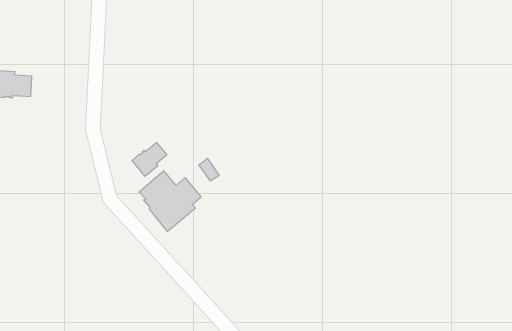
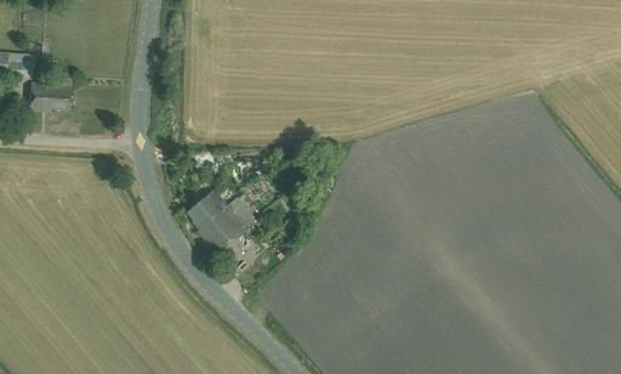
building: [132,142,167,176] -> none

